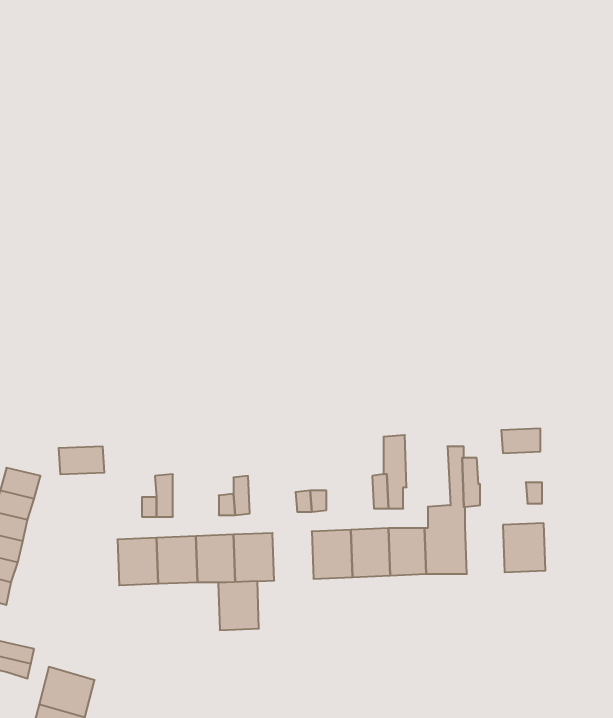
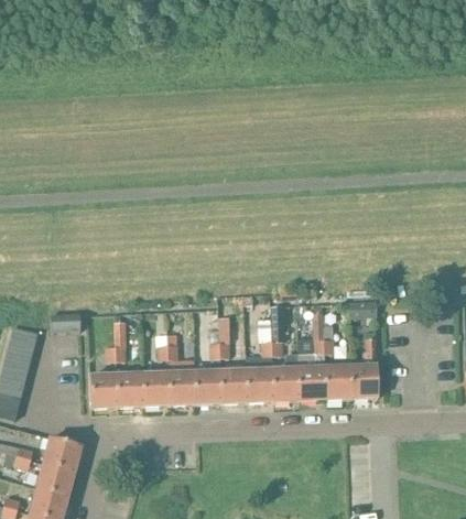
building: none -> [324,366,350,399]
building: [218,581,259,630] -> [194,370,221,403]
building: none -> [43,436,80,471]

